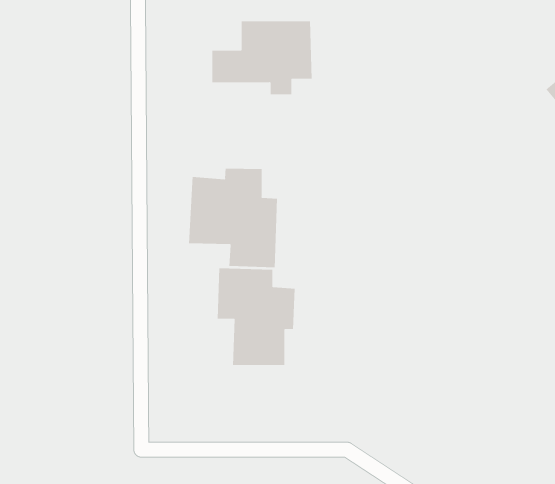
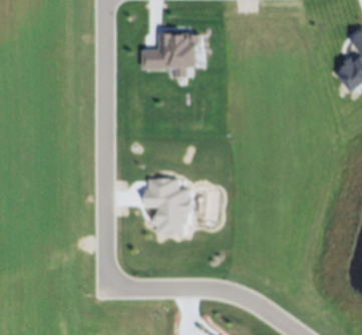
building: [188,168,277,268] -> none

